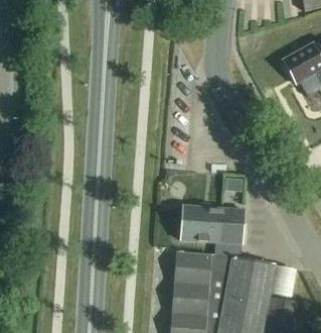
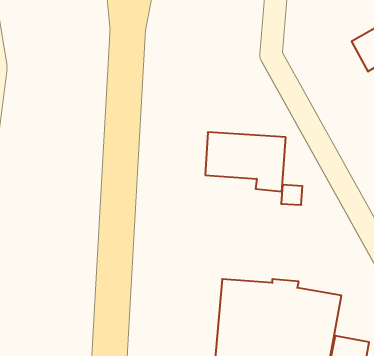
building: [179,205,244,252] -> [205,132,286,191]

